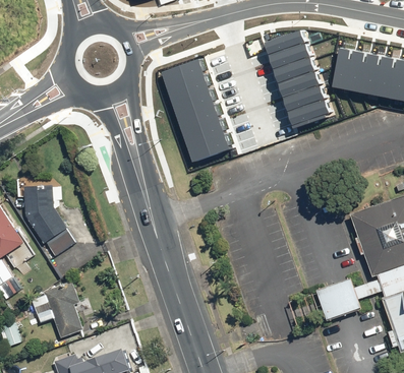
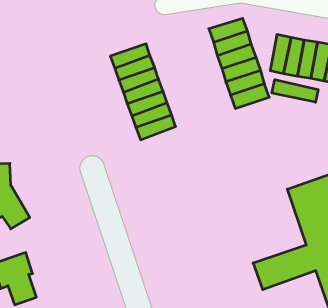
building: none -> [272,80,318,102]

